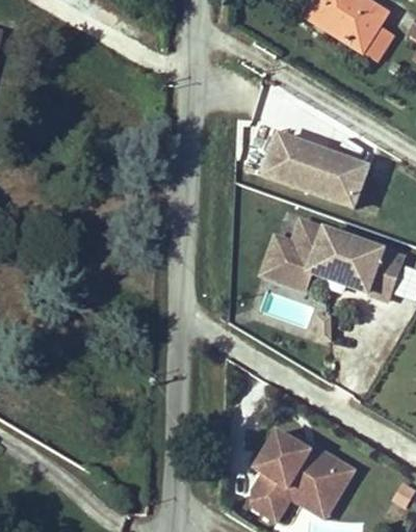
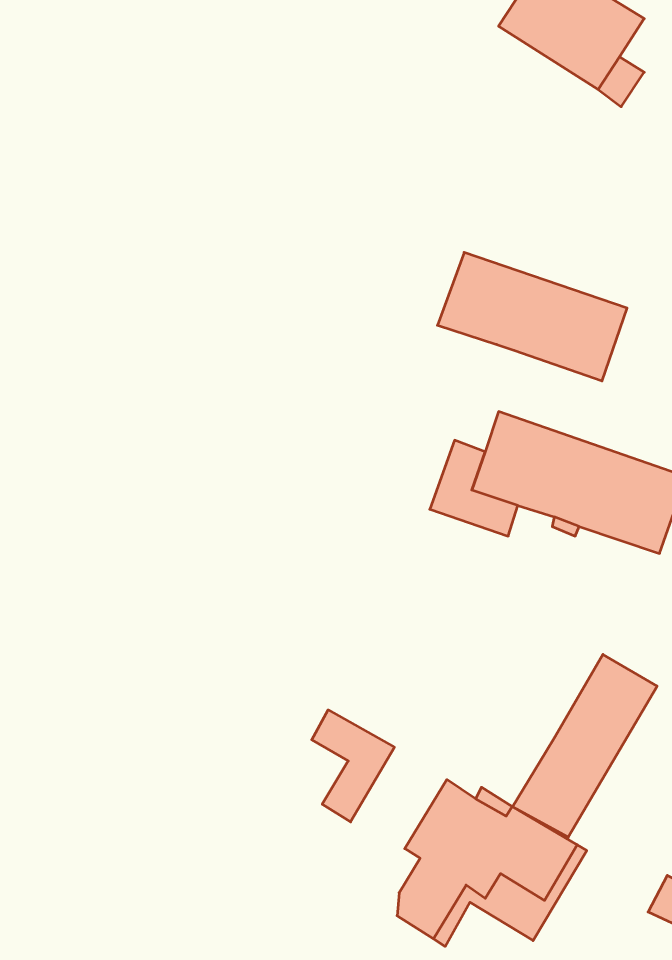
building: none -> [513,654,657,837]
building: none -> [312,710,394,822]

